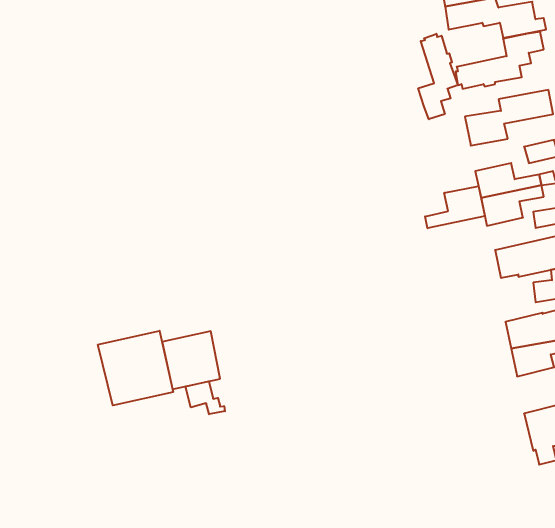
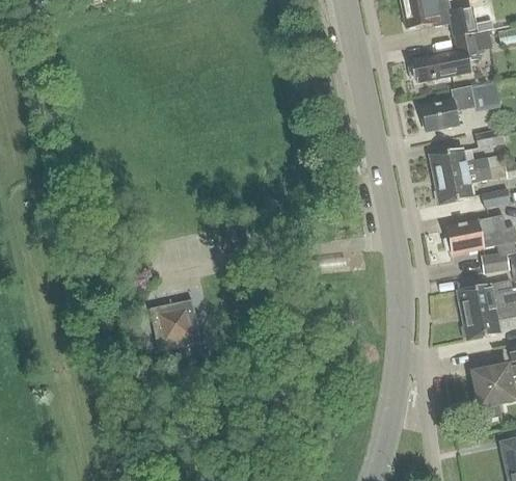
building: [418,34,458,119] -> none
building: [425,186,485,228] -> none
building: [98,331,173,405] -> none
building: [185,381,225,414] -> none

